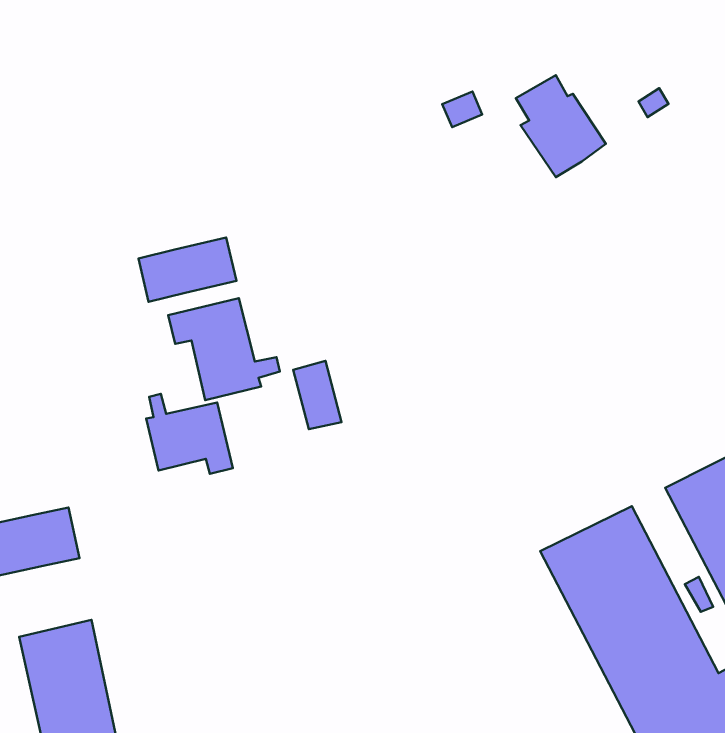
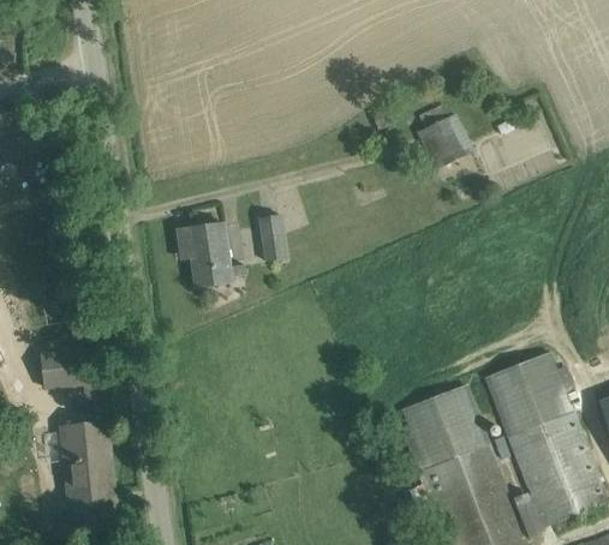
building: [138,238,236,302] -> none
building: [293,361,342,429] -> [258,216,286,259]
building: [146,394,233,474] -> none

